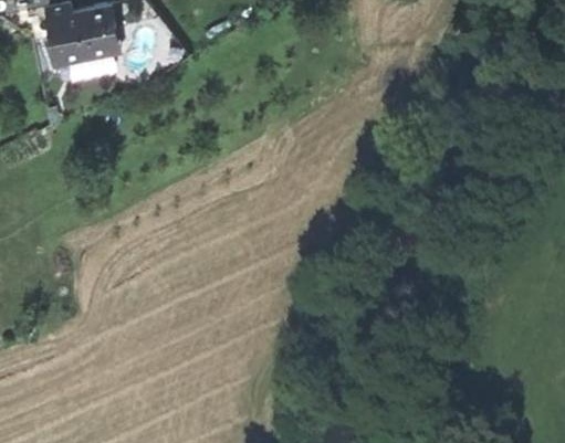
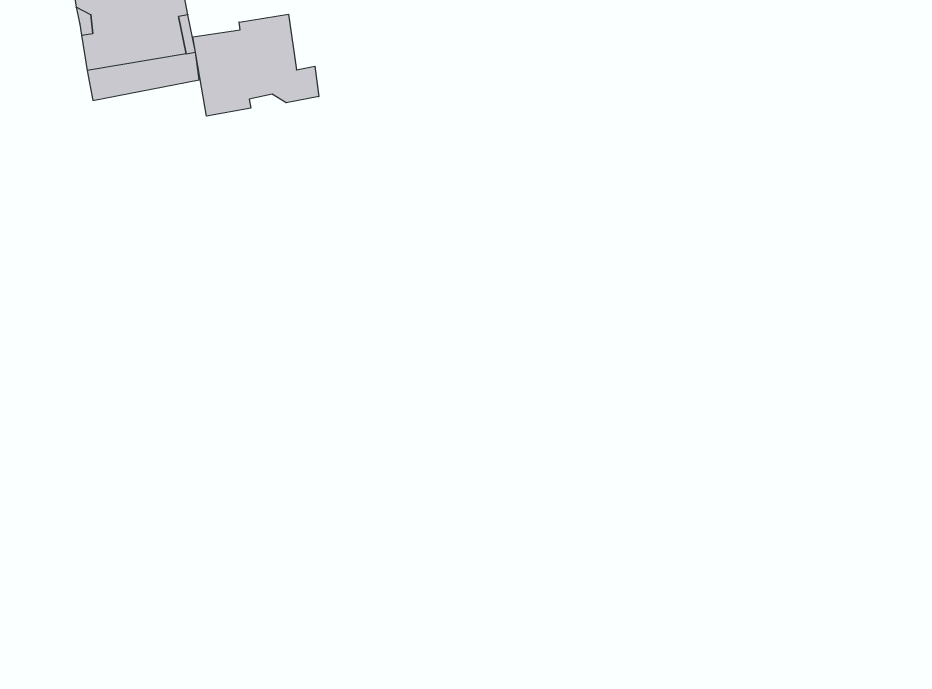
building: none -> [193,14,319,116]

